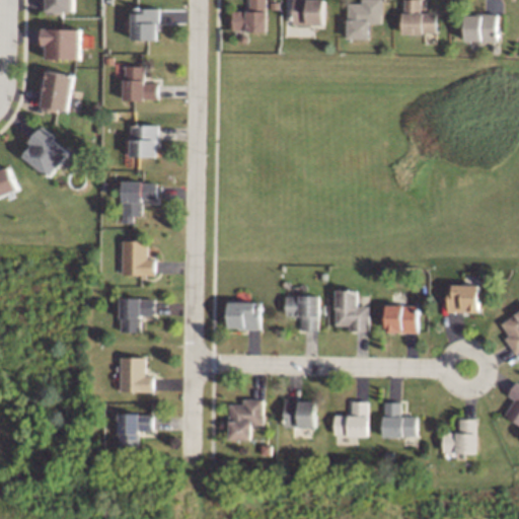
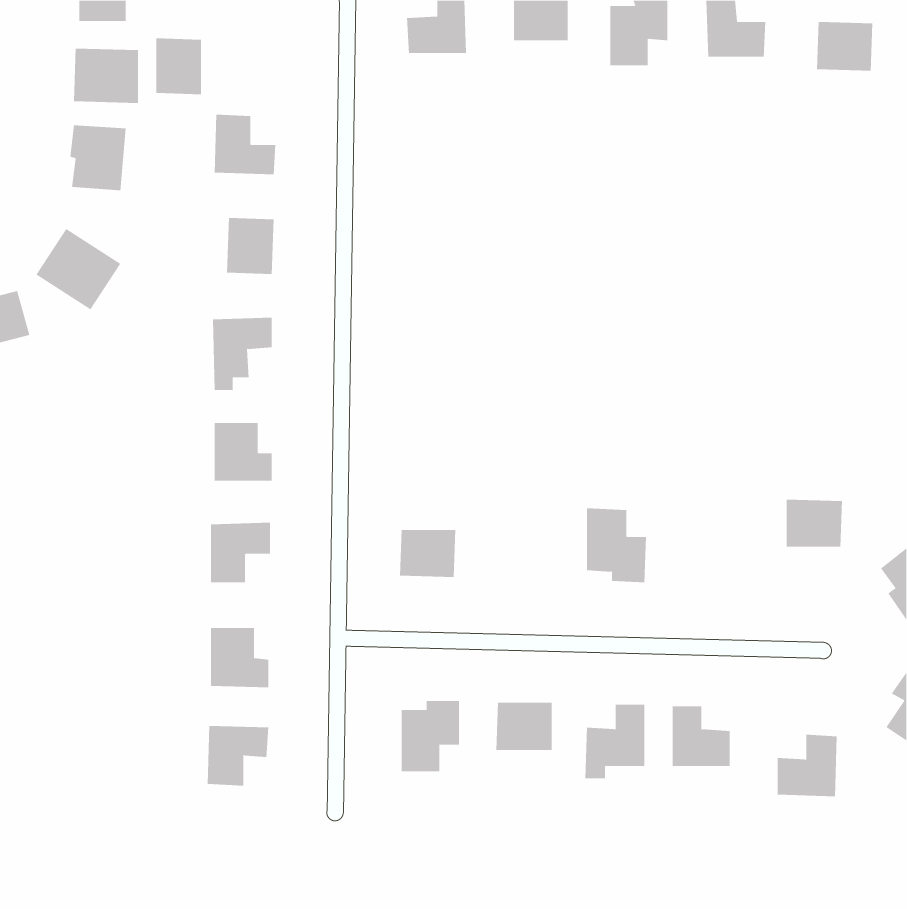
building: [131,8,157,41] -> [156,38,202,95]
building: [284,296,318,330] -> none
building: [385,305,417,333] -> none

